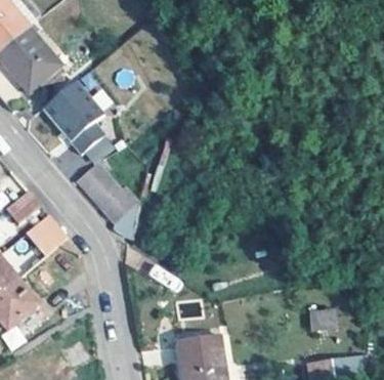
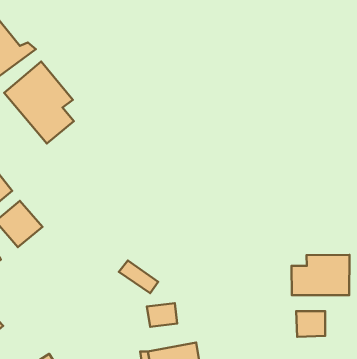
building: [80,164,139,240] -> none
building: none -> [292,255,349,295]

